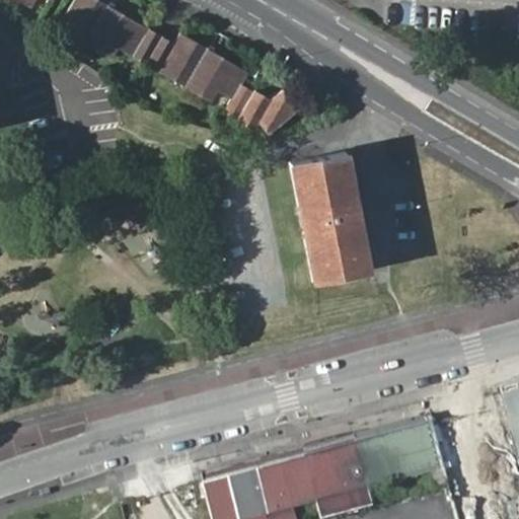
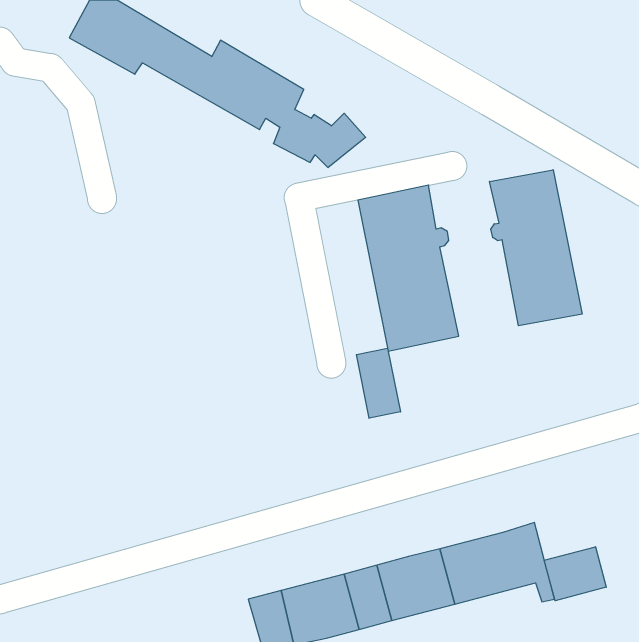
building: none -> [490,170,582,326]
building: none -> [356,348,400,418]
building: none -> [544,547,606,601]

